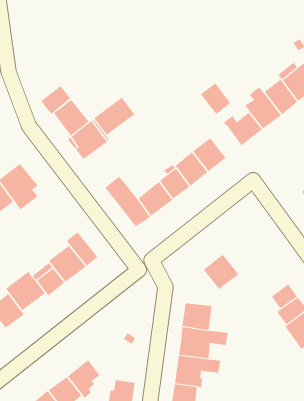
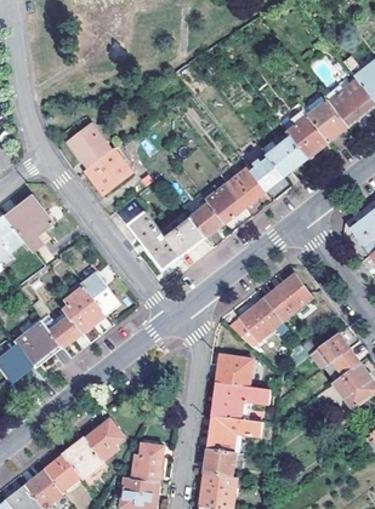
building: [200,83,231,115] -> [248,154,283,190]
building: [40,85,71,114] -> none
building: [94,97,135,136] -> none
building: none -> [262,275,311,322]

